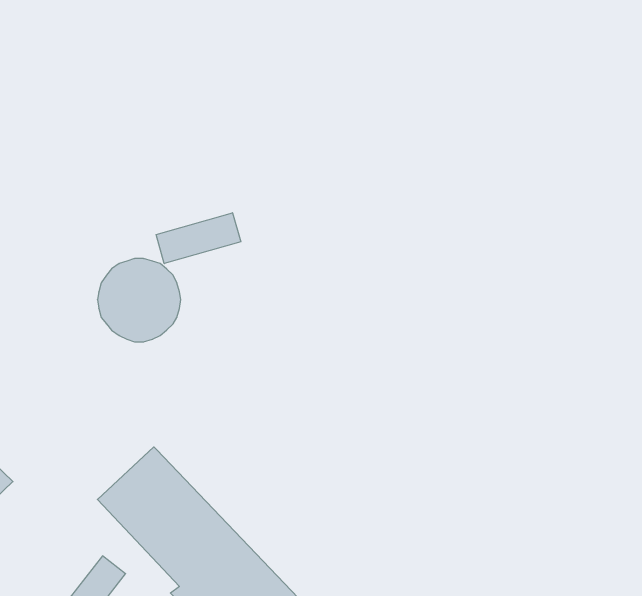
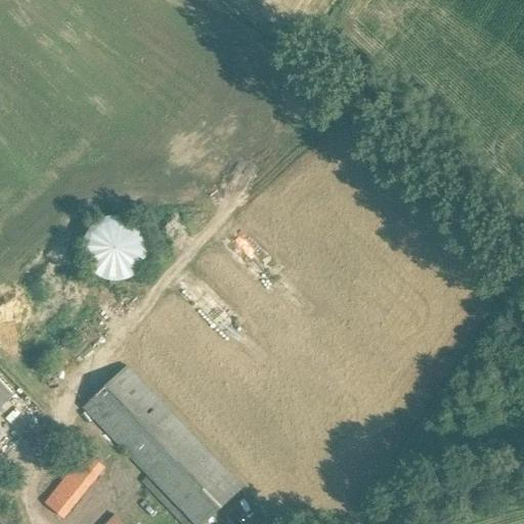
building: [156,213,241,264] -> none

